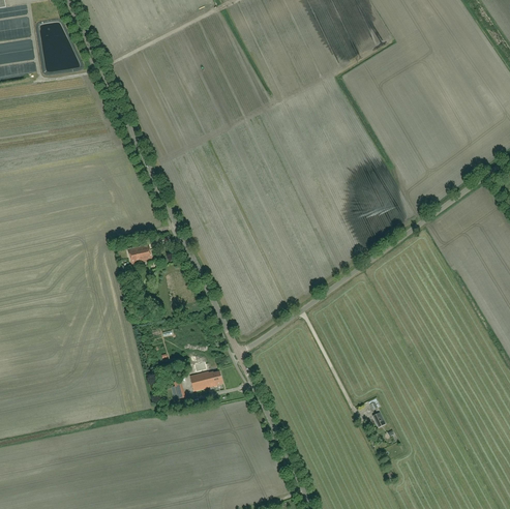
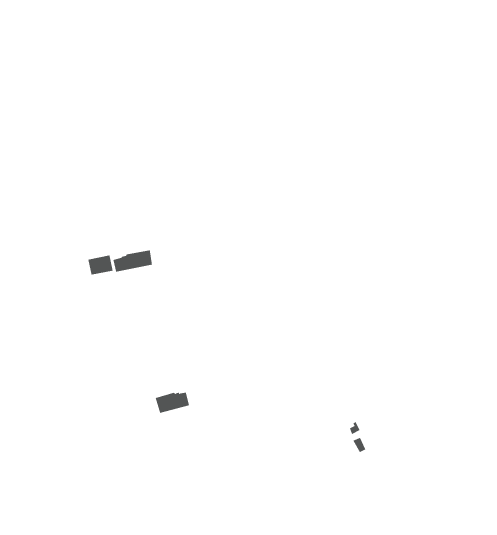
building: none -> [113,250,153,273]

